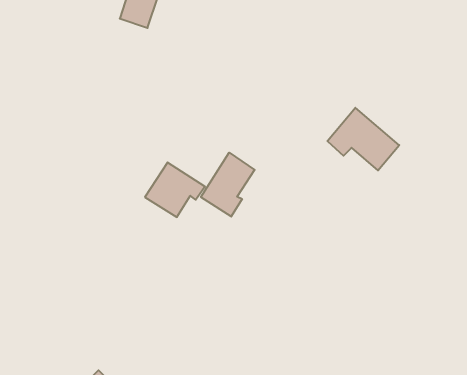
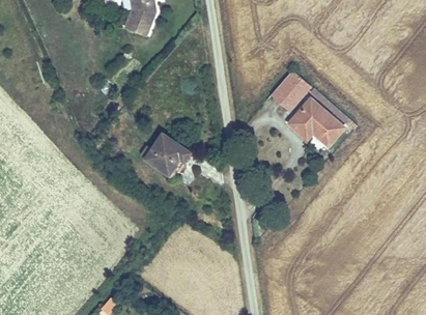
building: none -> [271,68,308,108]
building: [201,153,255,217] -> none

